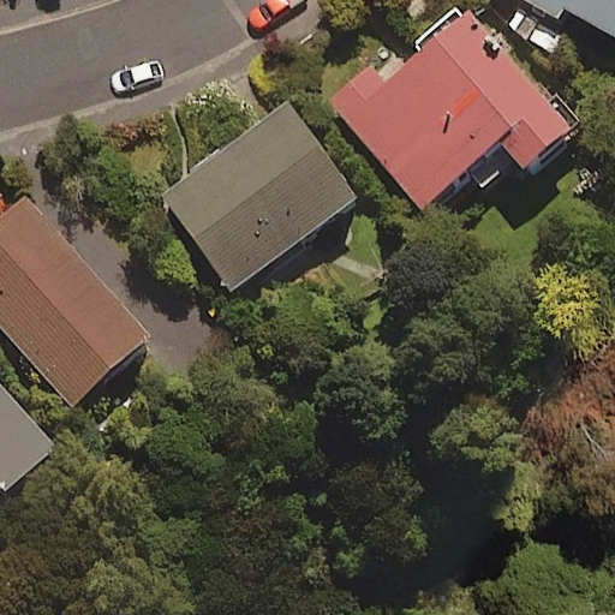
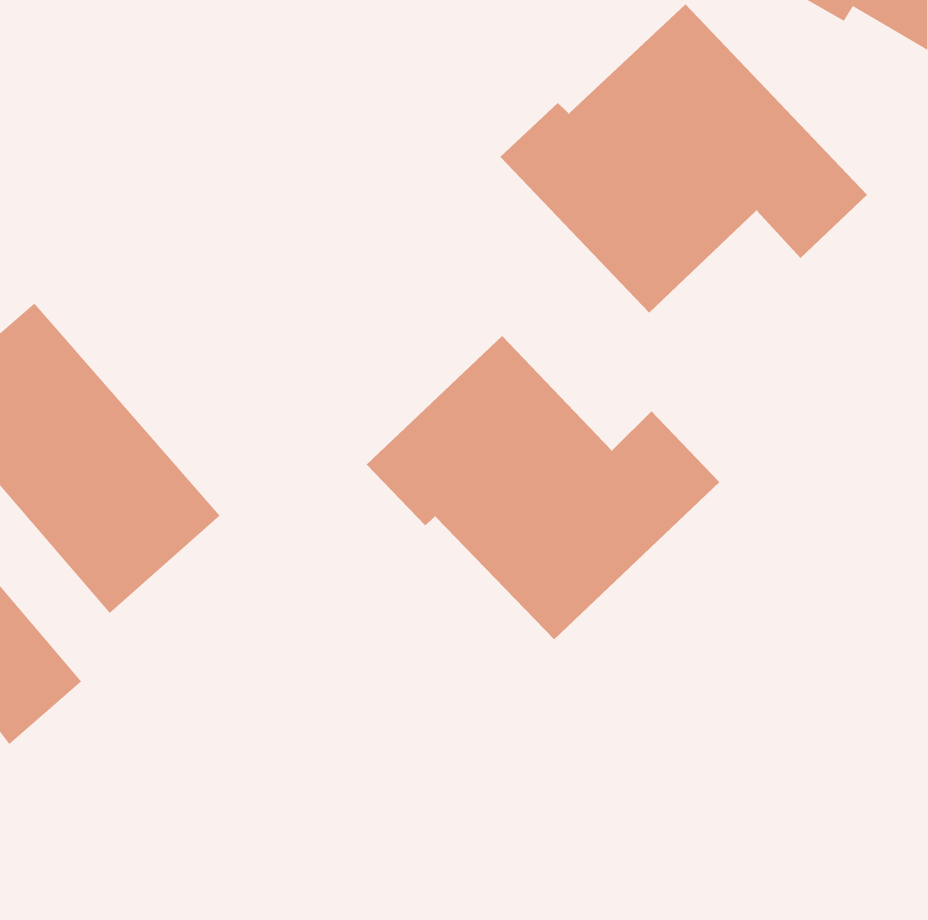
building: [163,102,357,287] -> none
building: none -> [366,335,720,640]

